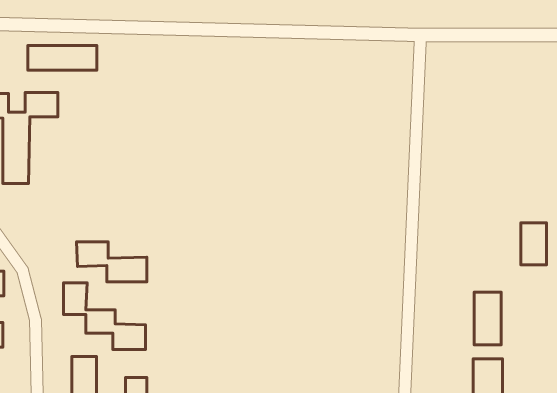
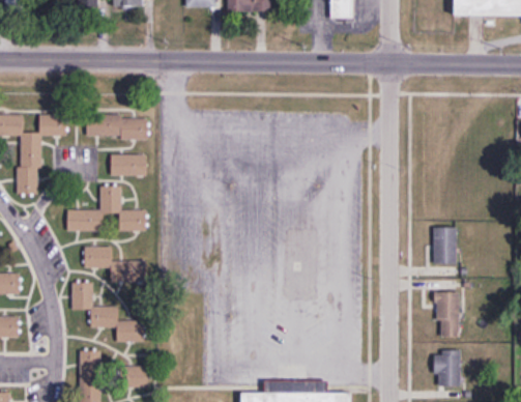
building: [28,46,97,70] -> [87,116,148,138]
building: none -> [111,154,146,176]
building: none -> [67,184,147,231]
building: [521,223,546,265] -> [434,227,457,264]

